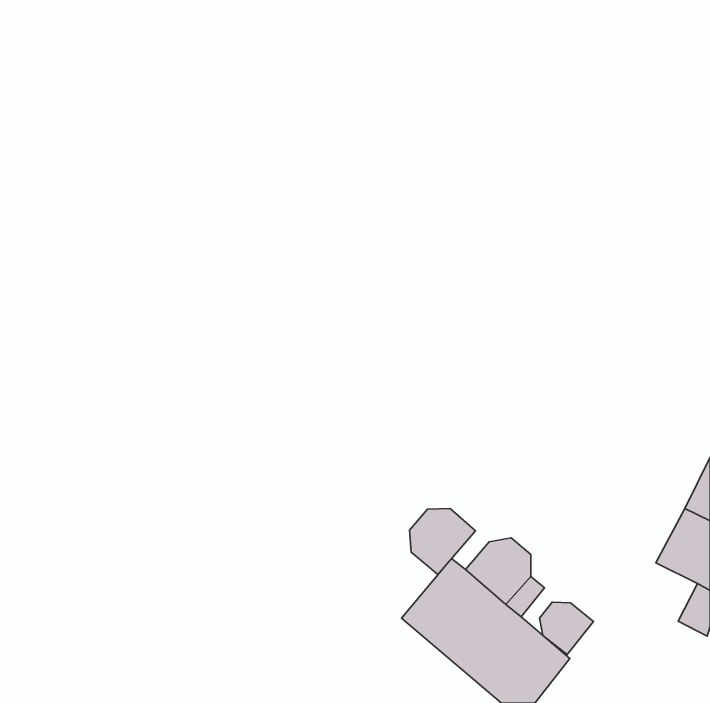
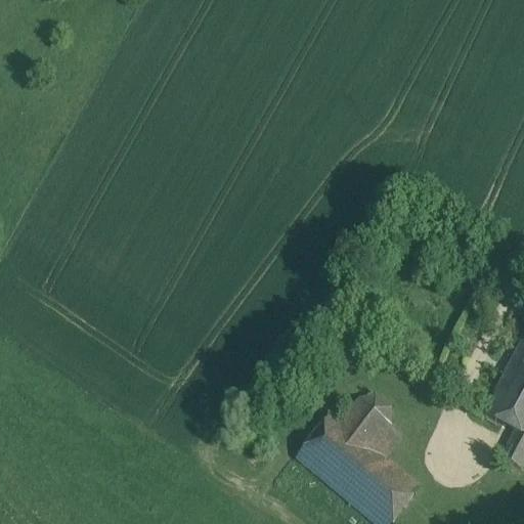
building: [409,508,475,574] -> none
building: [539,602,594,654] -> none

